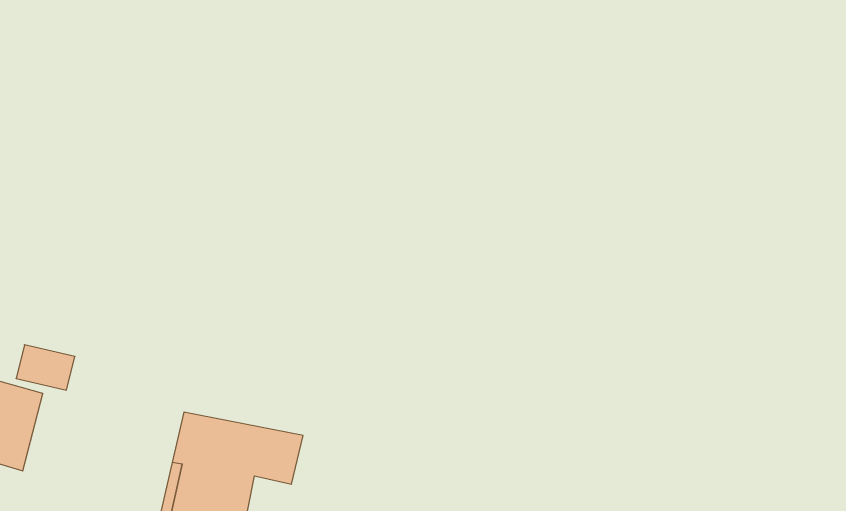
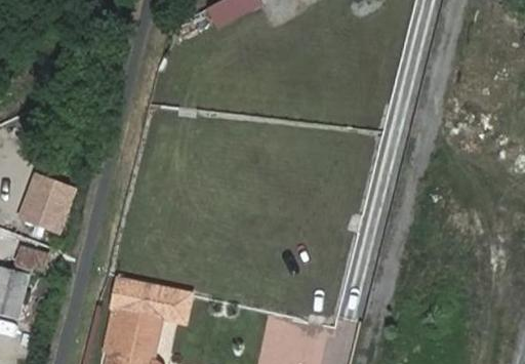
building: none -> [17,172,71,231]

